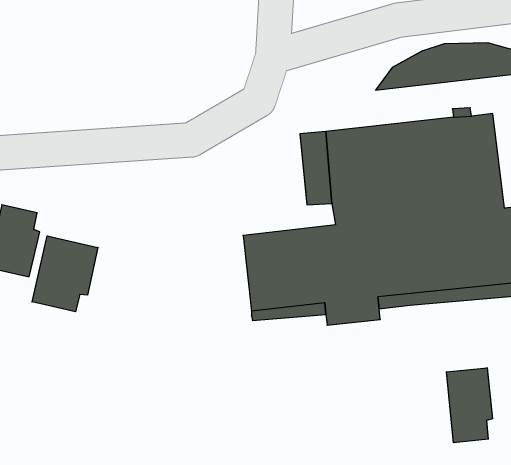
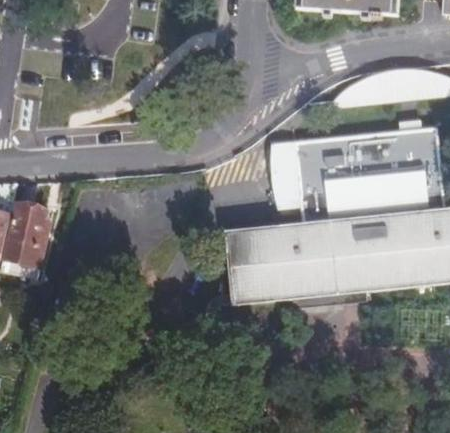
building: [32,236,98,312] -> none
building: [447,368,492,443] -> none

